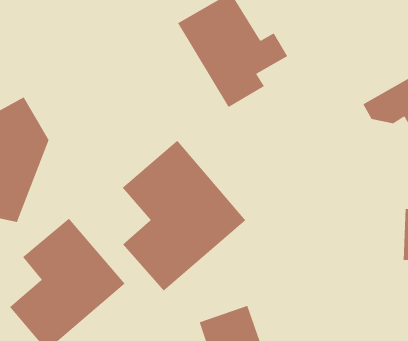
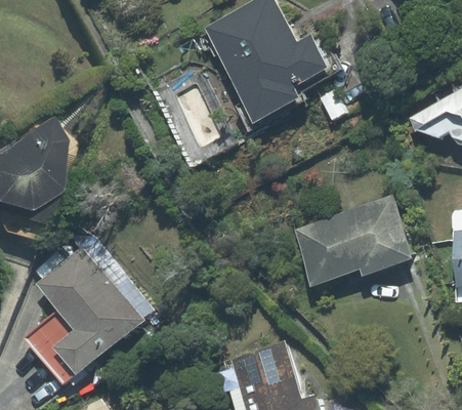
building: [122,140,246,291] -> none
building: none -> [294,198,413,289]

